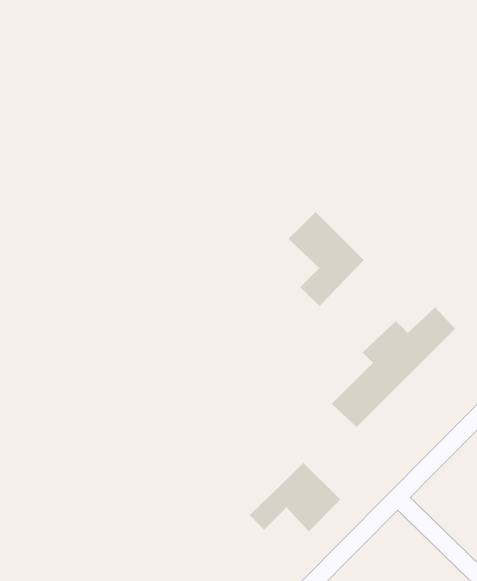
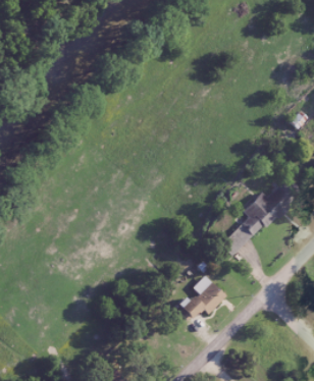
building: [288,211,364,307] -> none

